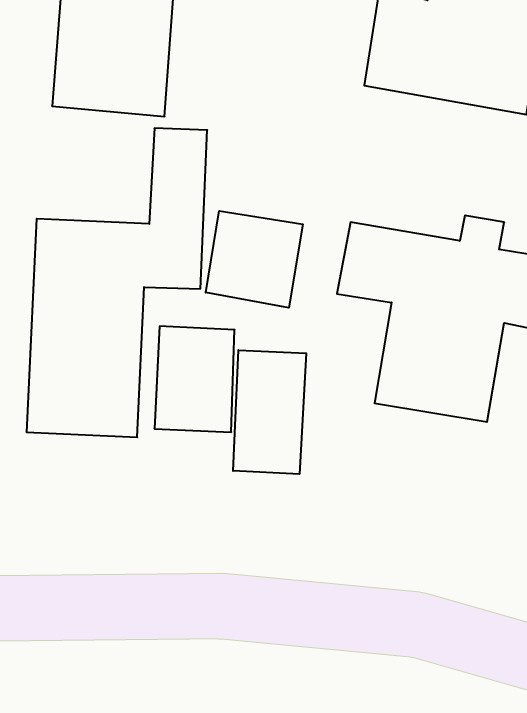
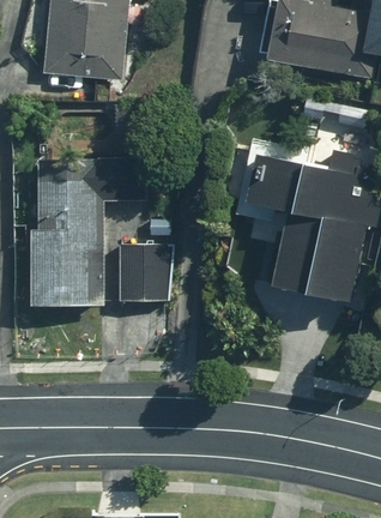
building: [206,211,303,308] -> none
building: [233,350,306,474] -> none

